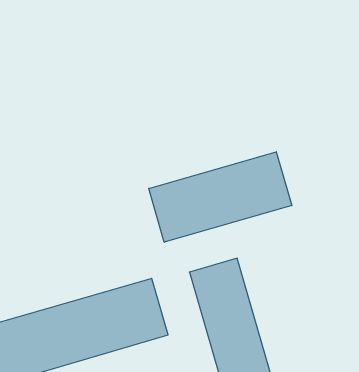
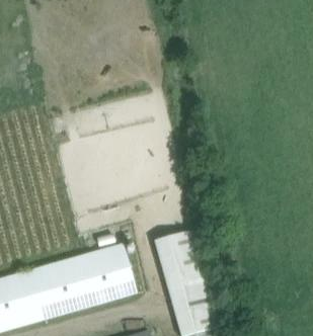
building: [149,152,292,242] -> none

